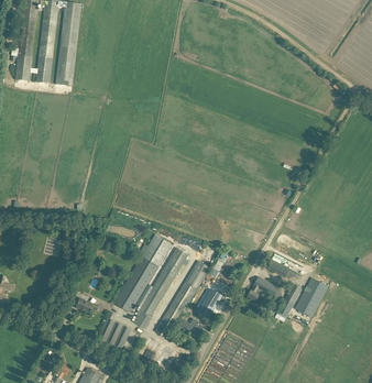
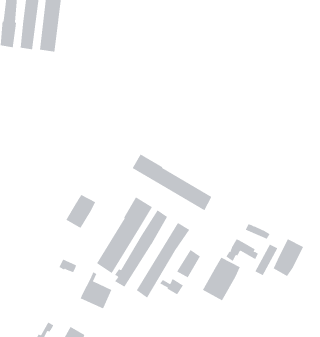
building: none -> [132,153,212,211]
building: none -> [65,194,96,229]
building: none -> [202,257,240,301]

